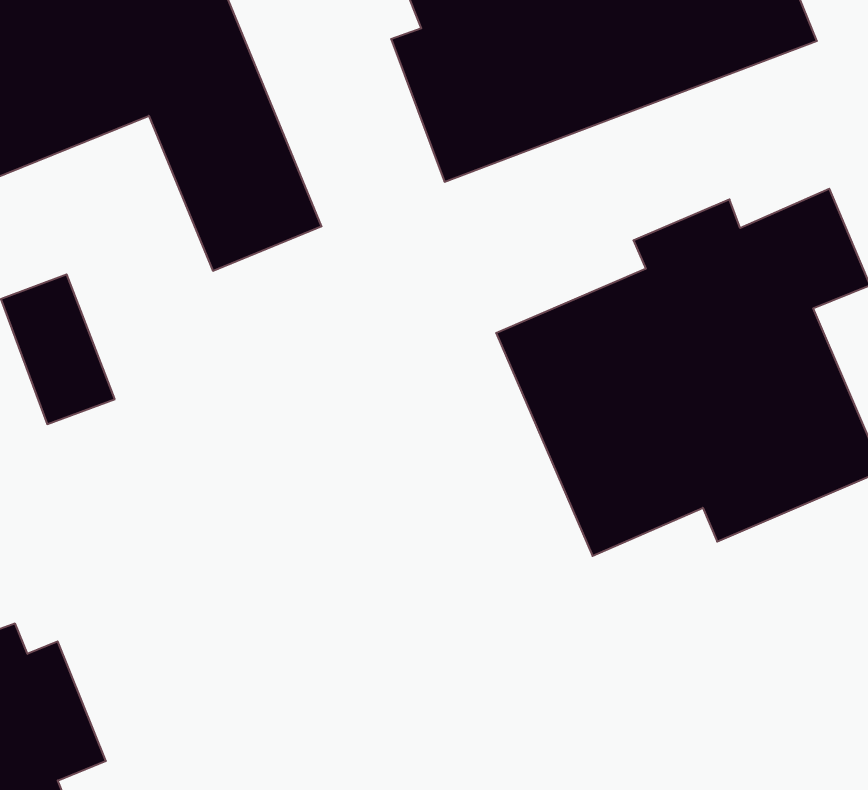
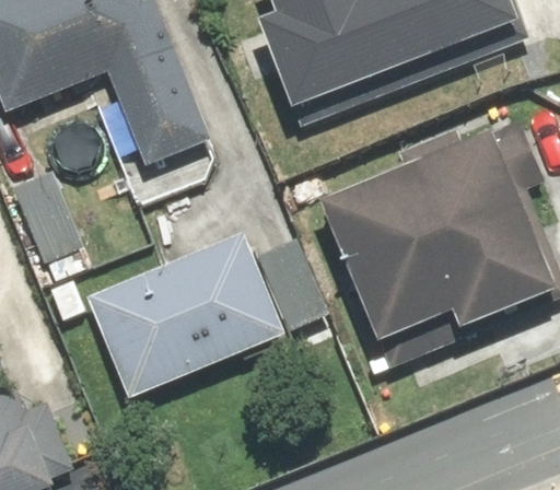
building: none -> [85,233,284,398]

